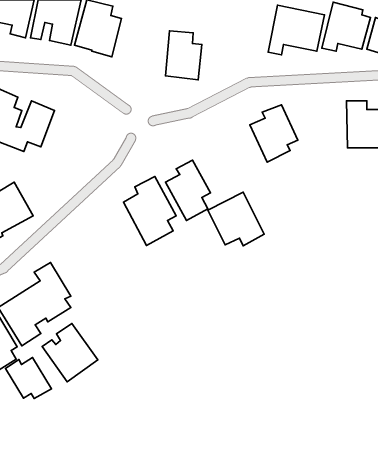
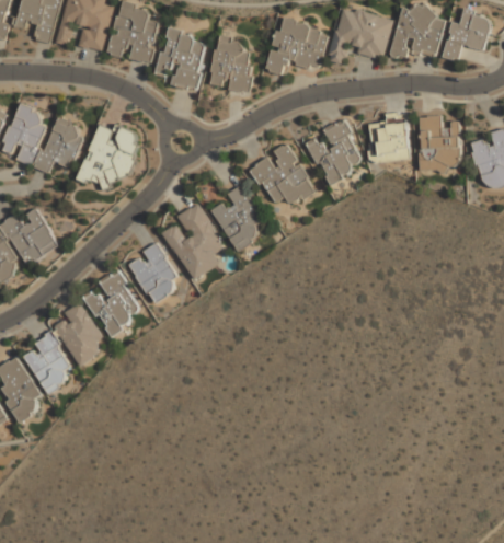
building: none -> [265,15,328,76]
building: none -> [156,27,206,91]
building: none -> [369,113,410,162]
building: none -> [81,125,144,188]
building: [208,192,264,246] -> [250,145,314,206]
building: none -> [126,242,180,305]
building: [42,323,98,382] -> [81,270,145,337]
building: [6,357,51,398] -> none

